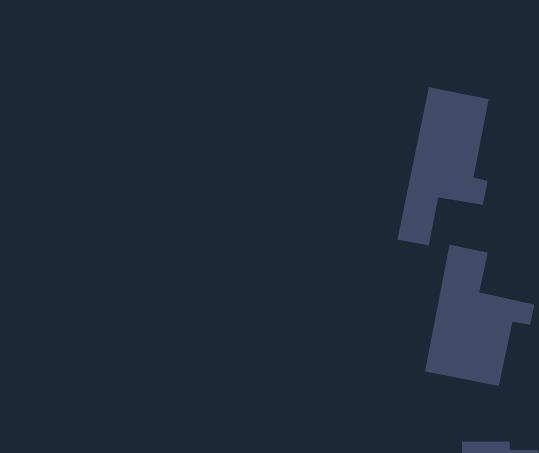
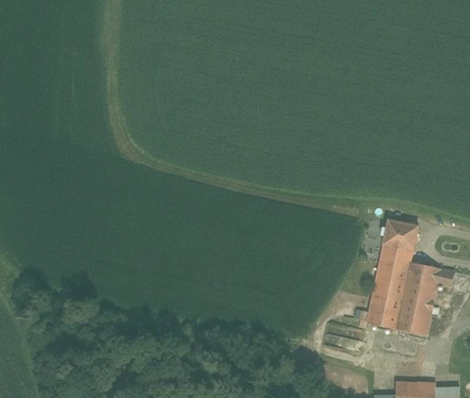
building: [397,86,489,246] -> none

